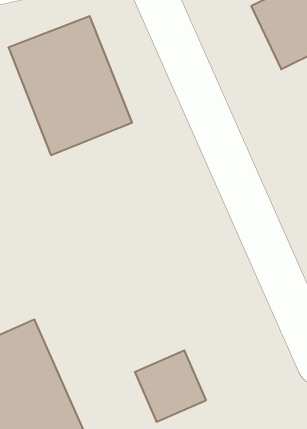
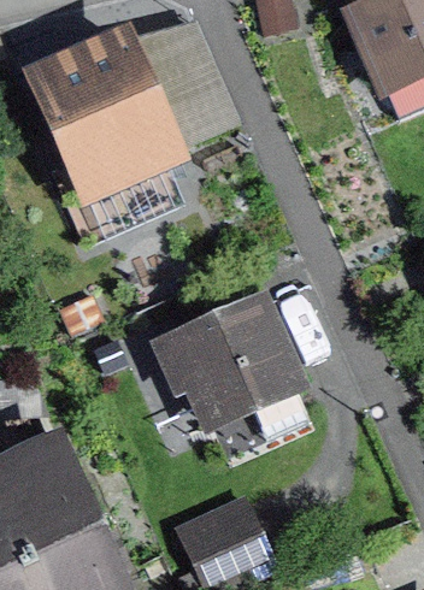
building: none -> [170,289,312,427]

